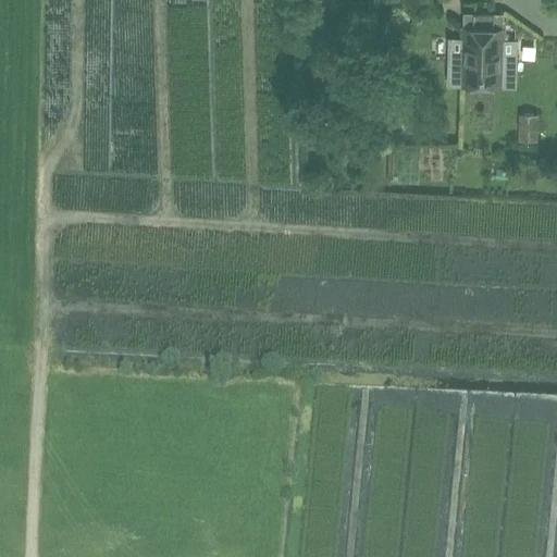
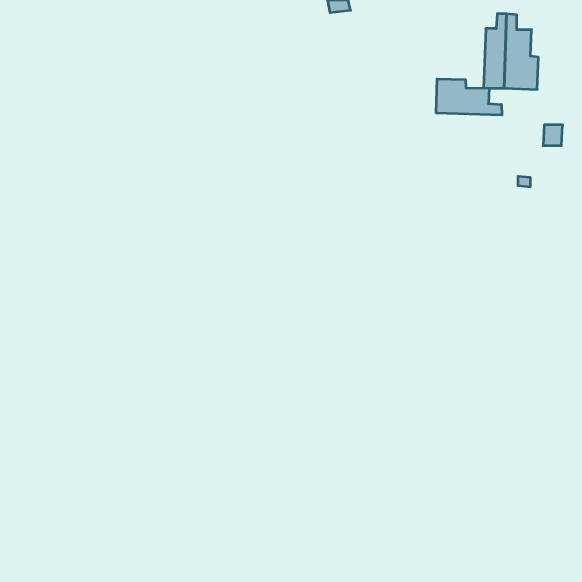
building: none -> [436,79,502,115]

